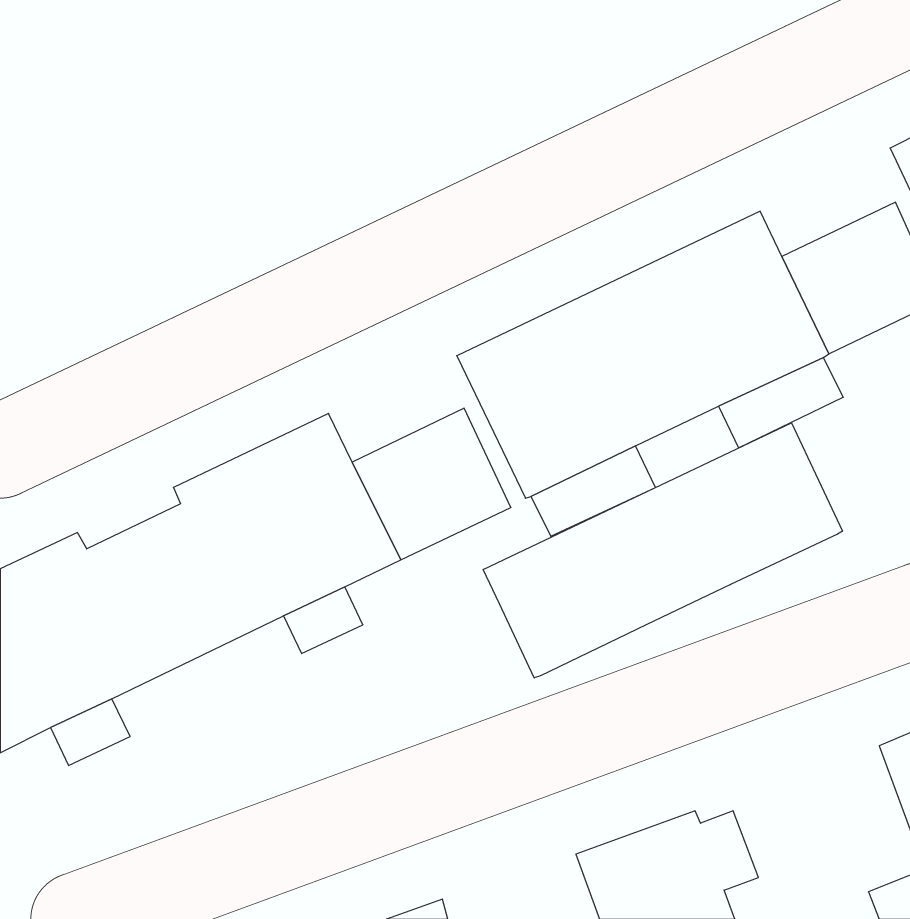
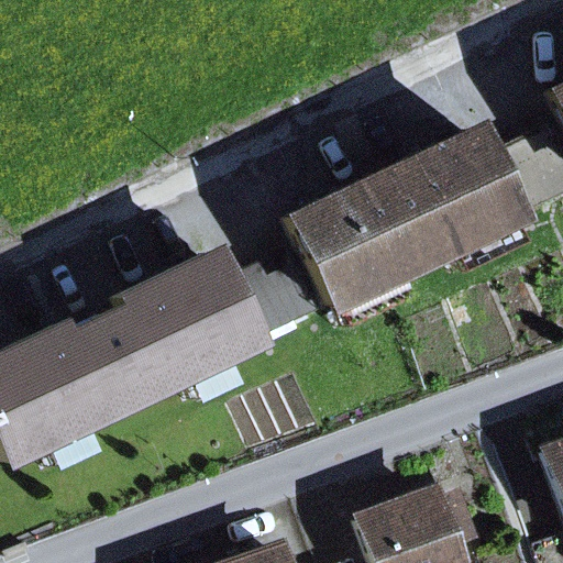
building: [483,423,842,678] -> none

